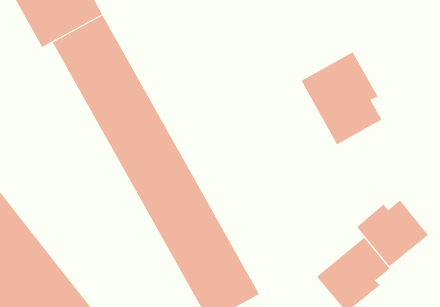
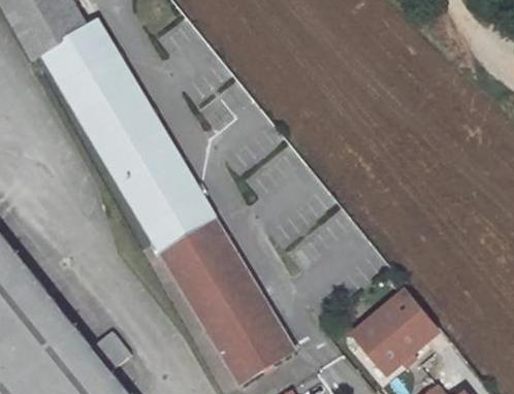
building: [301,51,382,145] -> none
building: [356,200,429,267] -> none

